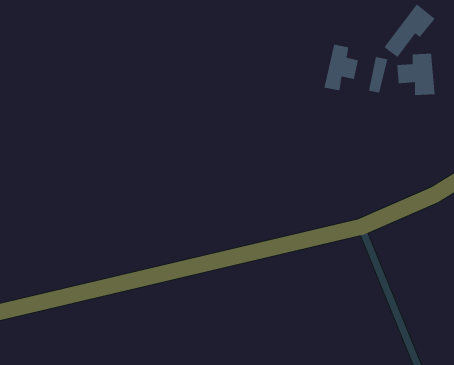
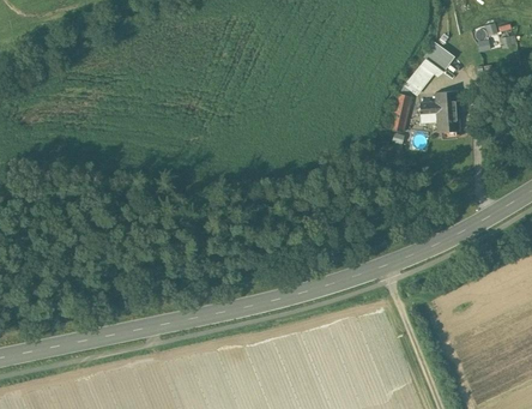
building: [324,44,358,91] -> none

